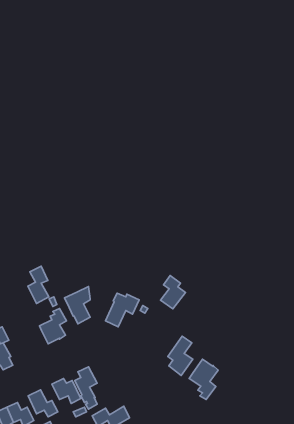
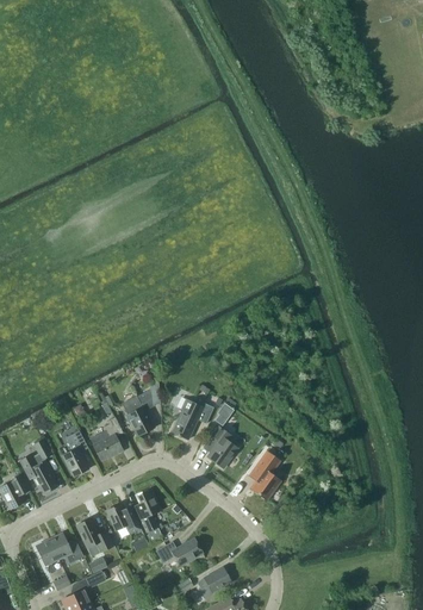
building: [28,266,49,303] -> [62,430,88,477]
building: [160,275,185,309] -> [206,427,237,468]
building: [189,359,218,400] -> none

